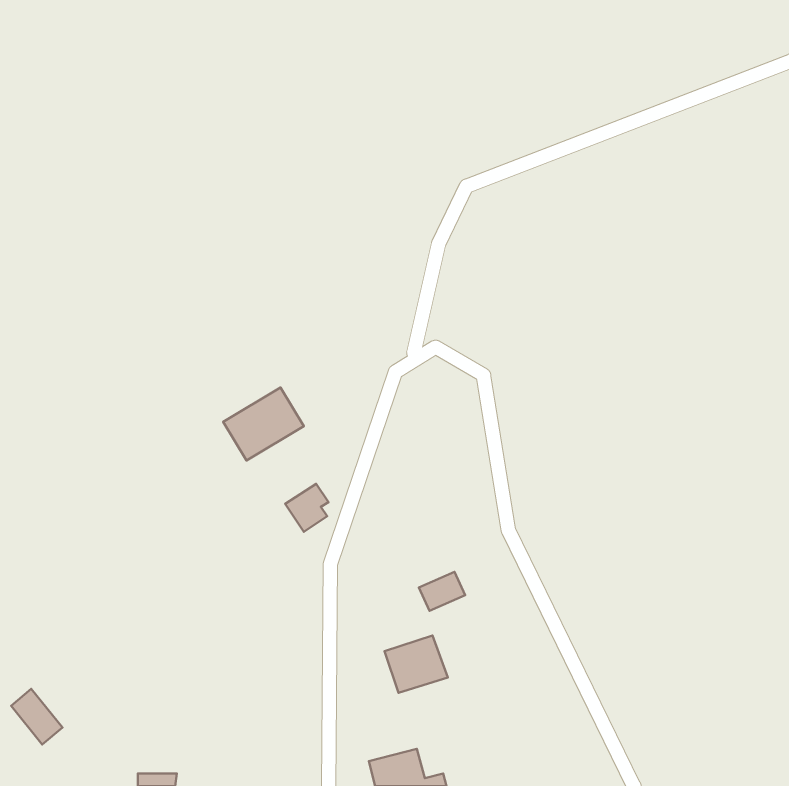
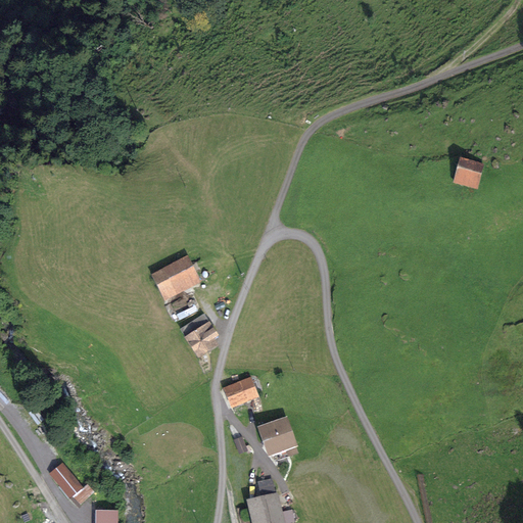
building: none -> [453,159,484,186]
building: [419,572,465,611] -> [228,376,258,401]
building: [11,689,62,745] -> [49,463,83,500]

